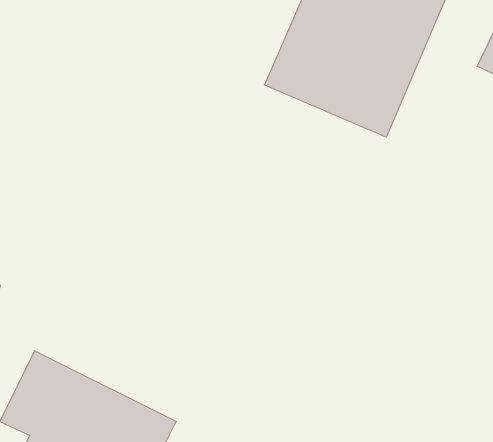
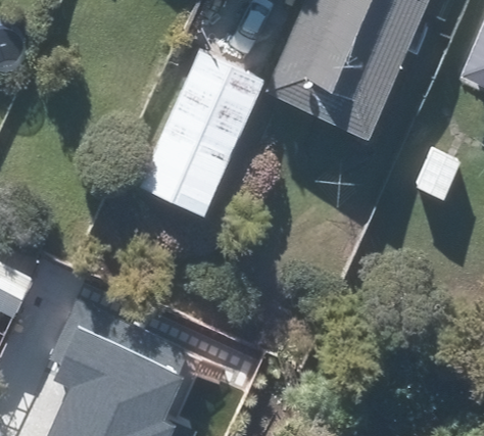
building: none -> [139,48,269,215]

